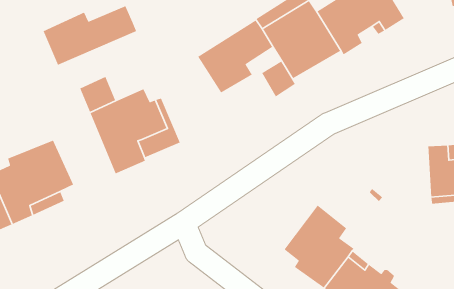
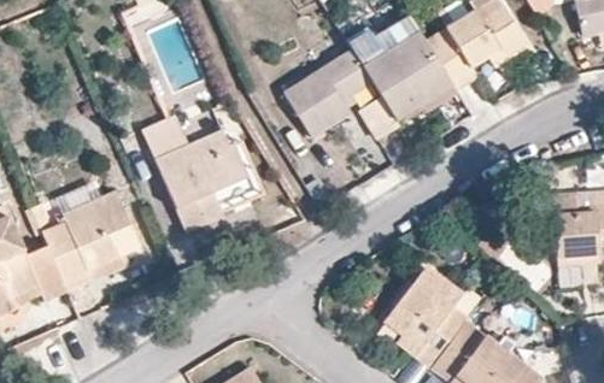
building: [43,5,137,66] -> none

